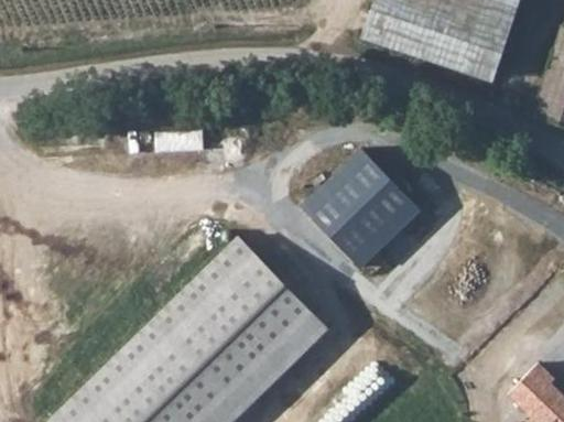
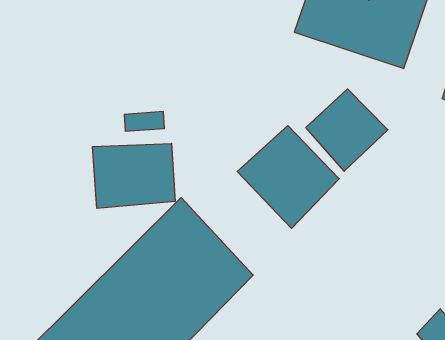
building: none -> [306,89,388,171]
building: none -> [93,143,175,208]

